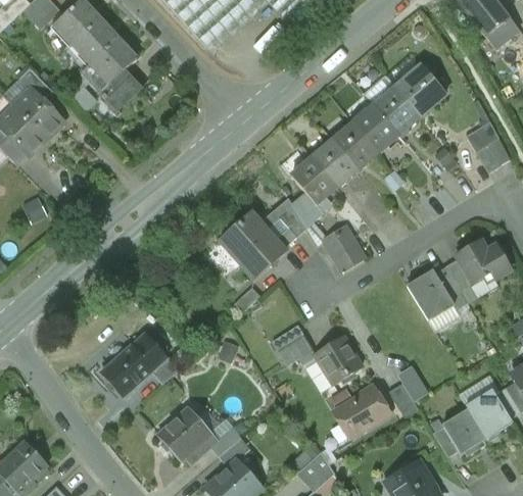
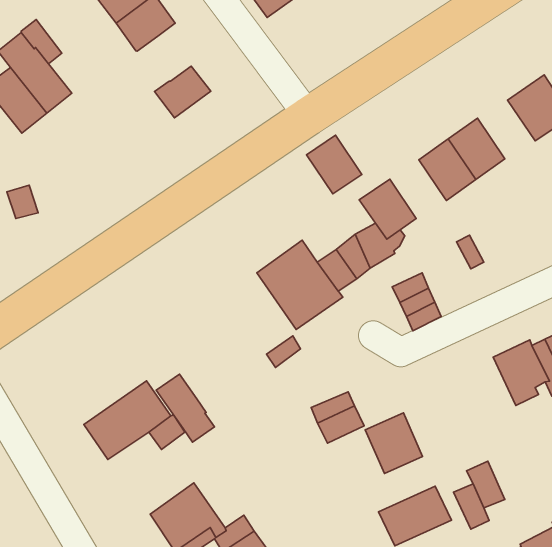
building: [98,69,141,110] -> [155,66,211,118]
building: [374,88,420,133] -> none
building: [313,141,356,186] -> [306,135,362,194]
building: none -> [156,374,214,442]

